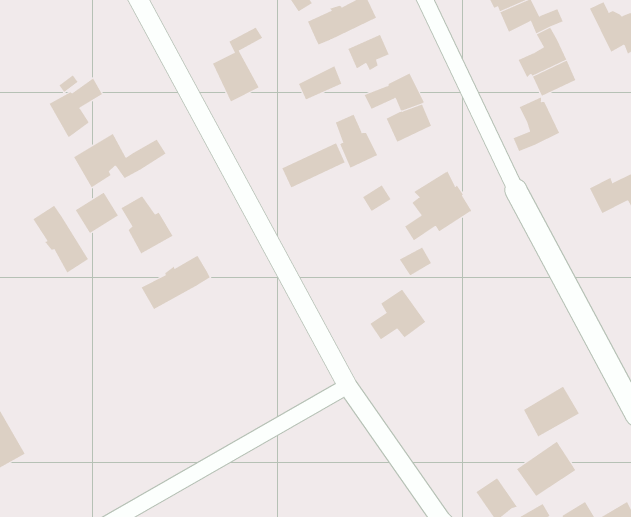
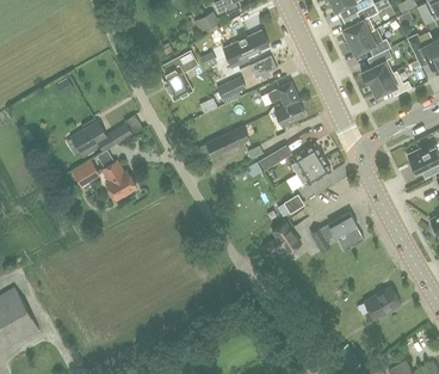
building: [49,77,103,137] -> none
building: [513,97,560,152] -> none
building: [335,114,378,169] -> none
building: [33,205,89,273] -> none
building: [141,255,211,310] -> none
building: none -> [310,213,364,252]
building: [516,441,576,497] -> none

